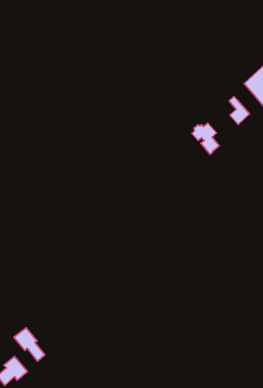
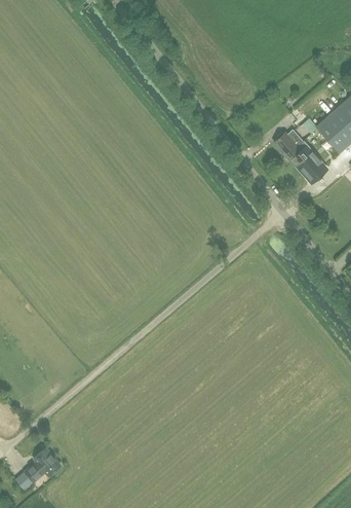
building: [192,123,219,155] -> [275,131,307,168]
building: [14,328,45,361] -> none

